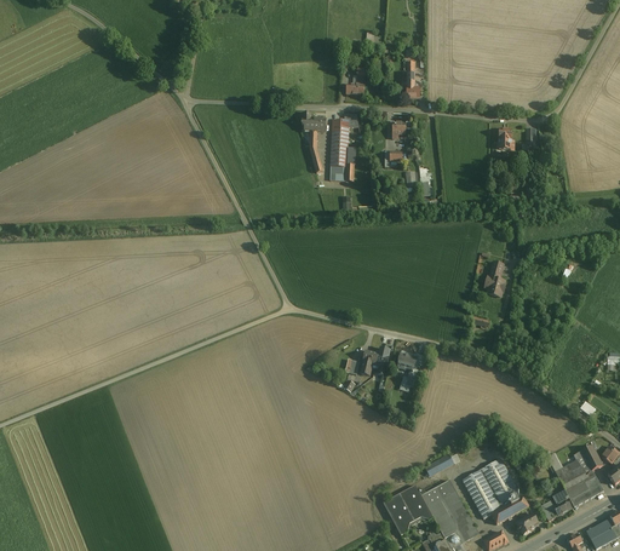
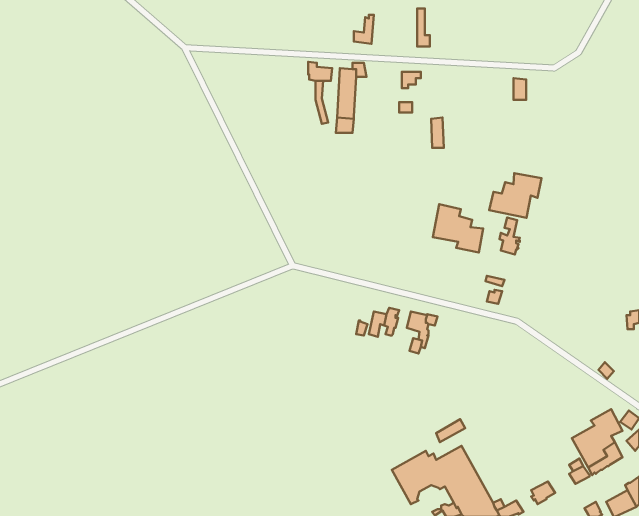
building: none -> [489,173,541,218]
building: none -> [433,204,483,252]
building: [461,458,528,523] -> none

